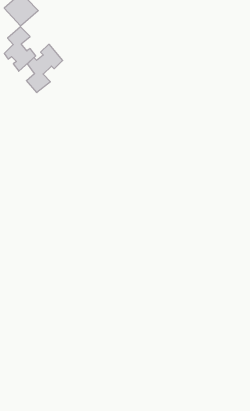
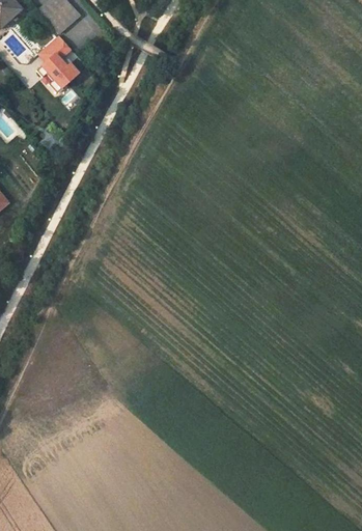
building: [26,44,63,93] -> none

